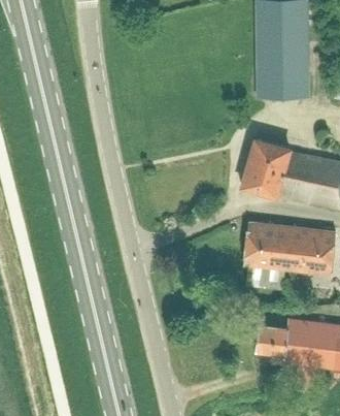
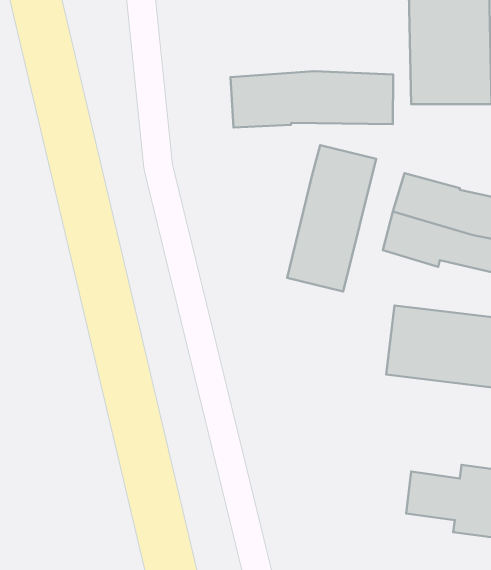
building: none -> [230,71,393,128]
building: none -> [287,145,376,291]

